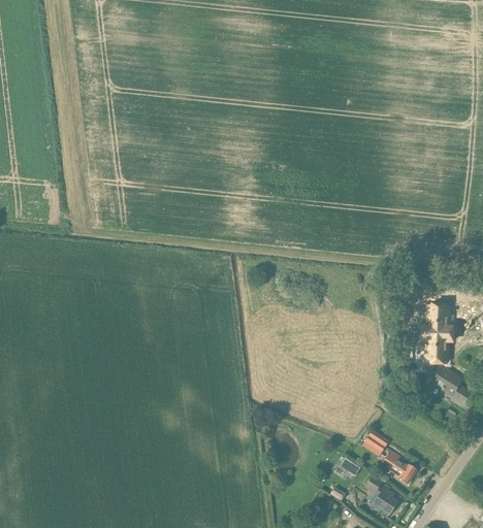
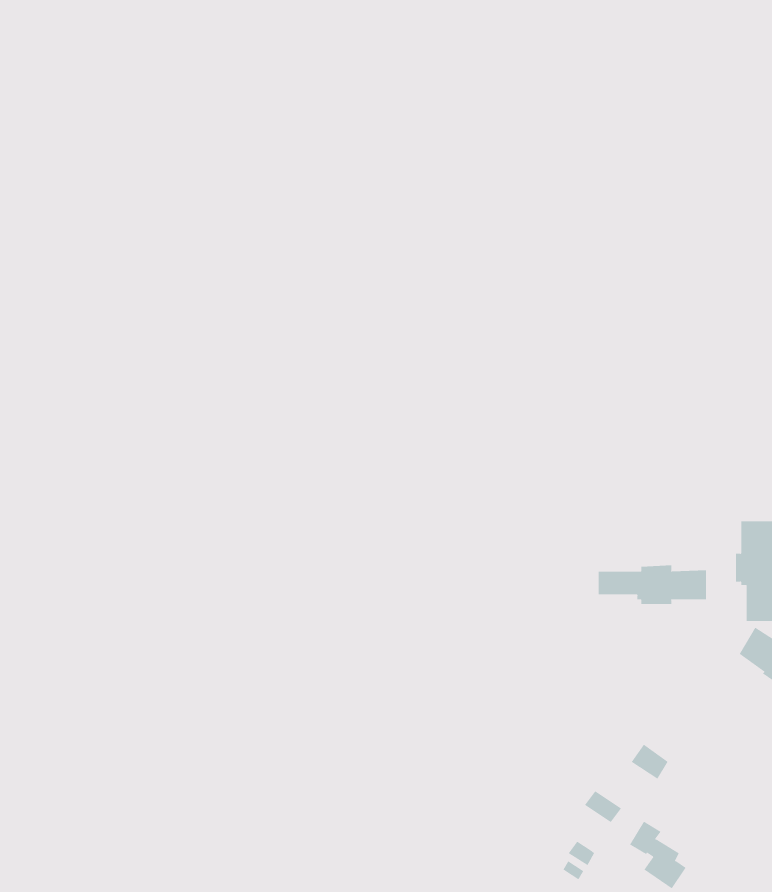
building: none -> [598,564,707,605]
building: [380,452,417,484] -> none

